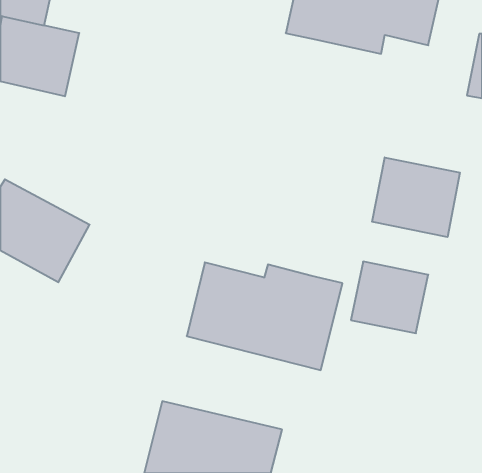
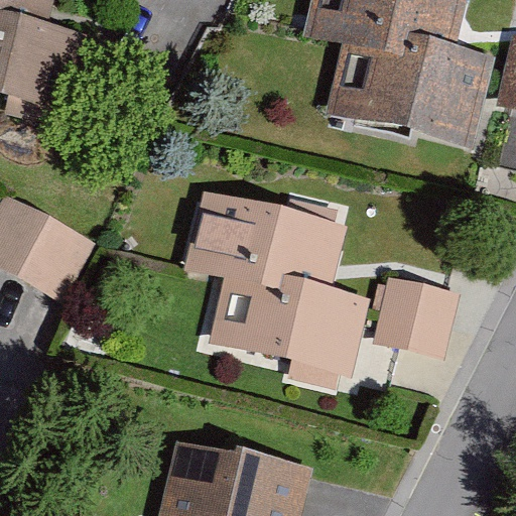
building: none -> [320,37,494,153]
building: [372,157,460,237] -> none
building: none -> [181,188,350,296]

